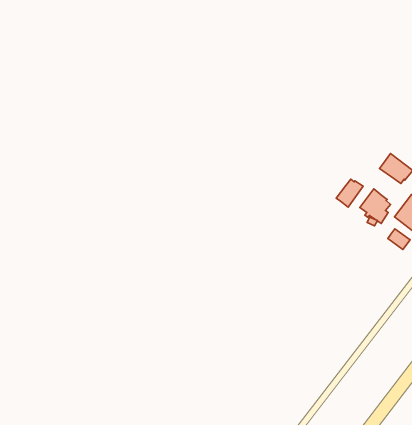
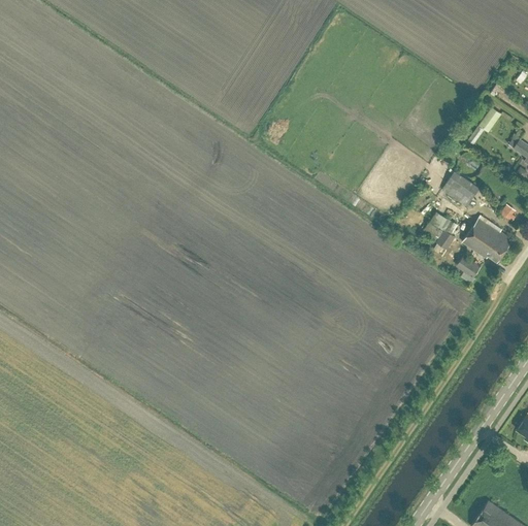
building: [336,179,363,207] -> none

